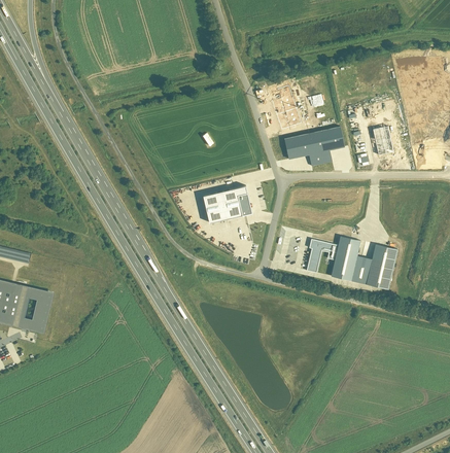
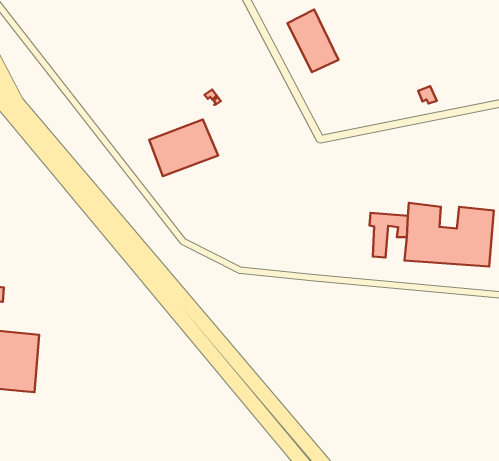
building: [285,127,344,167] -> none
building: [373,127,393,155] -> none
building: [203,185,251,222] -> [149,119,218,176]

